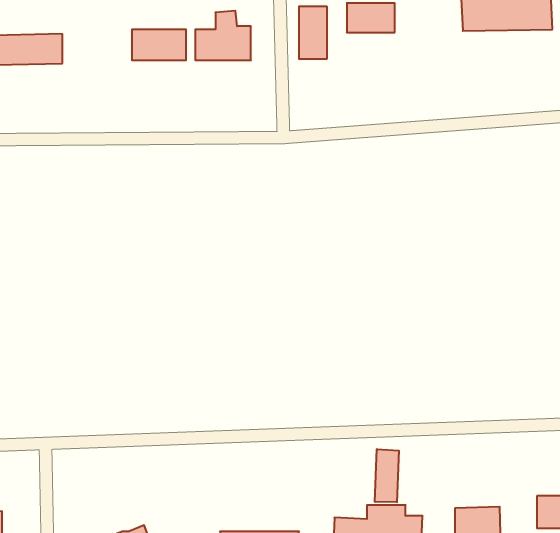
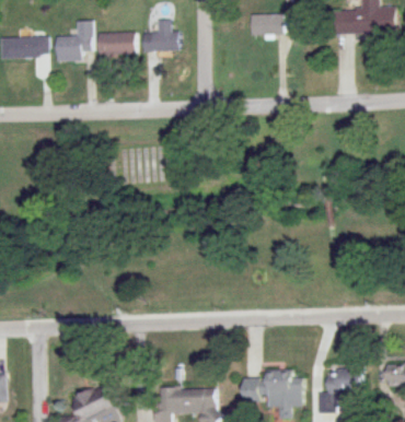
building: [299,6,327,59] -> none
building: none -> [55,21,92,60]
building: [375,449,399,502] -> none

